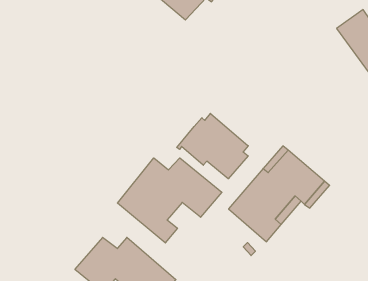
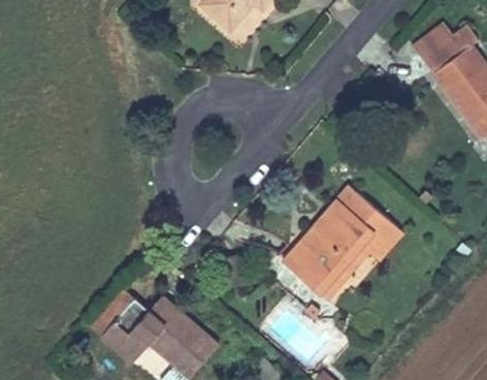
building: [177,113,248,179] -> none
building: [117,158,222,243] -> none

